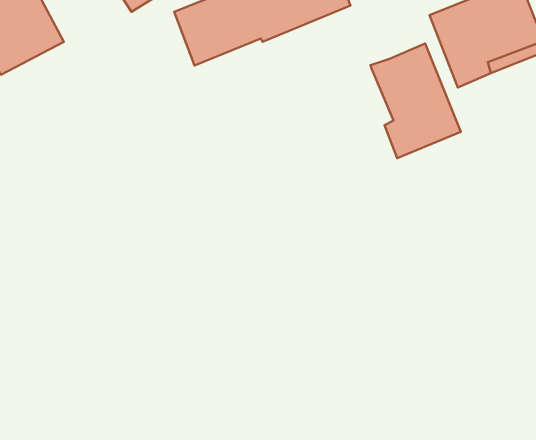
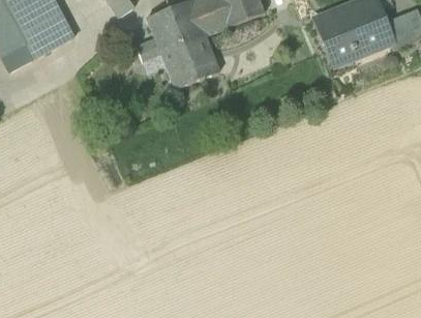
building: none -> [160,34,219,89]
building: [371,44,461,158] -> none

